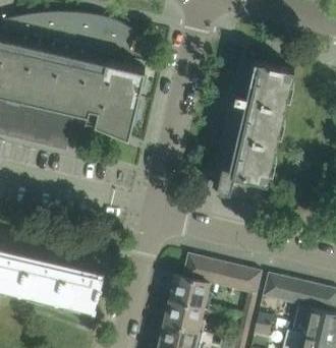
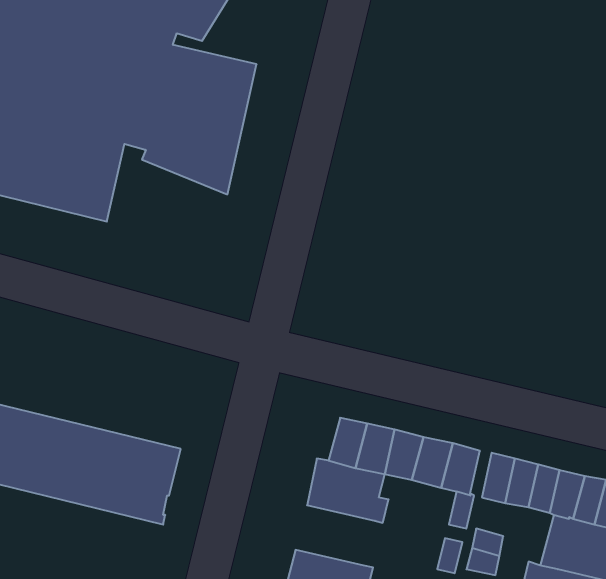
building: [218,60,294,207] -> none
building: [165,299,209,332] -> none

